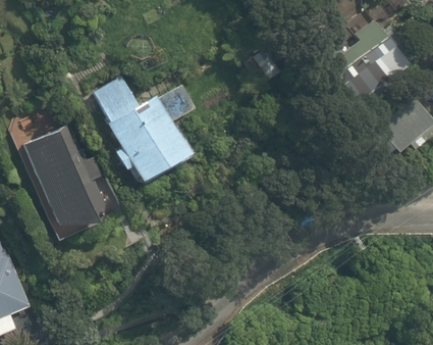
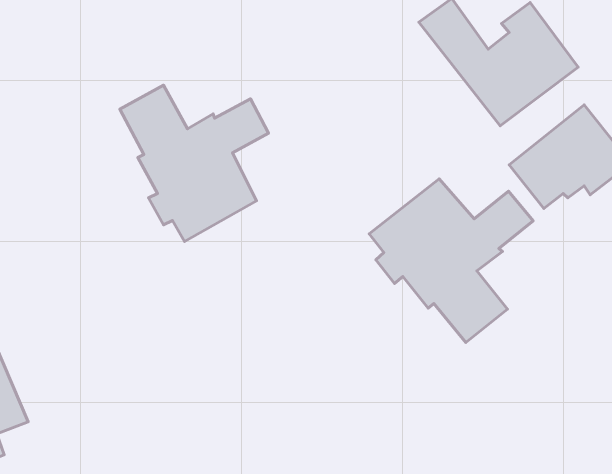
building: [23,124,106,227] -> none
building: none -> [369,179,533,342]

